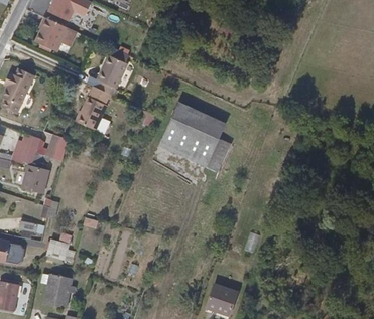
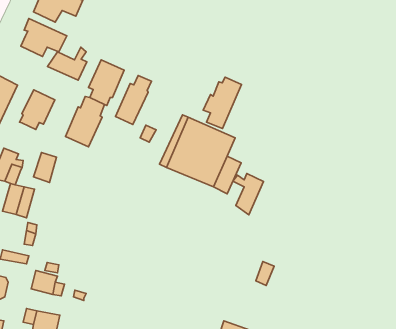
building: none -> [48,47,87,80]
building: none -> [116,75,152,124]
building: none -> [203,77,241,129]
building: none -> [20,90,55,129]
building: none -> [233,174,264,215]

